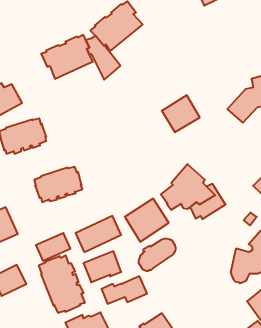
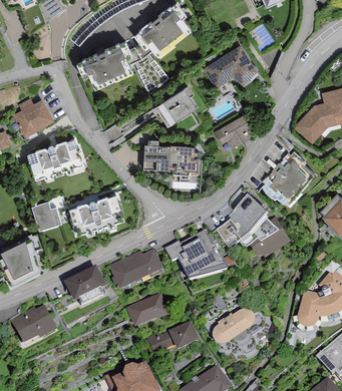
building: none -> [211,46,260,85]
building: none -> [153,88,196,127]
building: none -> [141,139,196,175]
building: none -> [272,154,321,206]
building: none -> [34,202,62,230]
building: [139,239,176,271] -> [211,310,254,347]
building: [39,255,85,313] -> none

